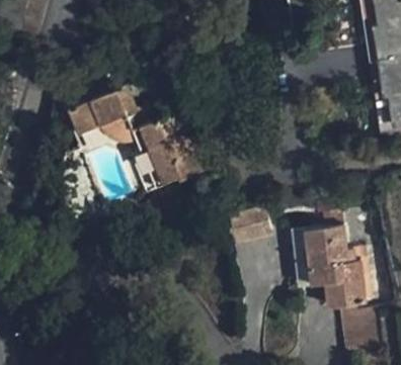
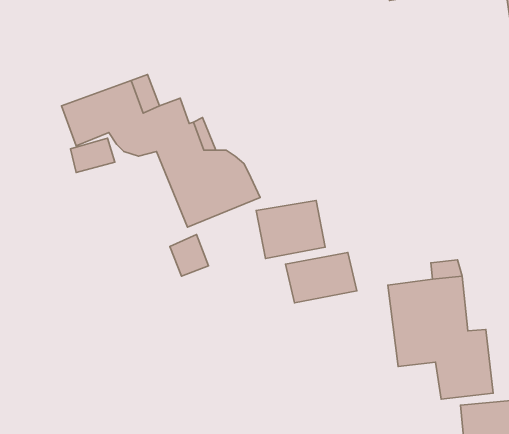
building: none -> [256,200,325,258]

